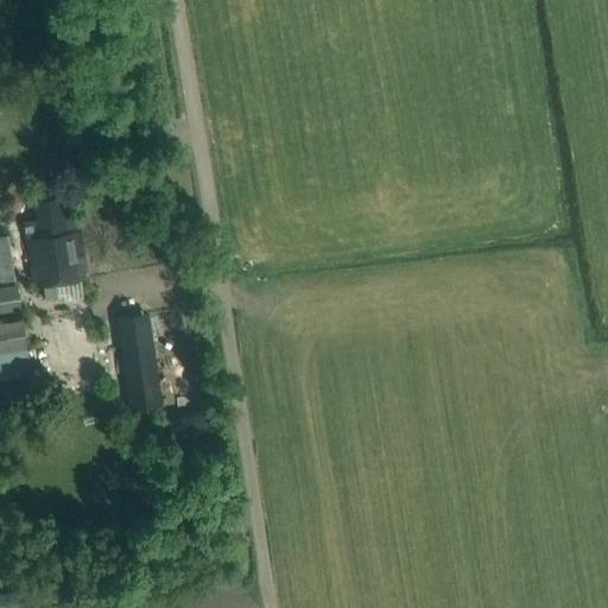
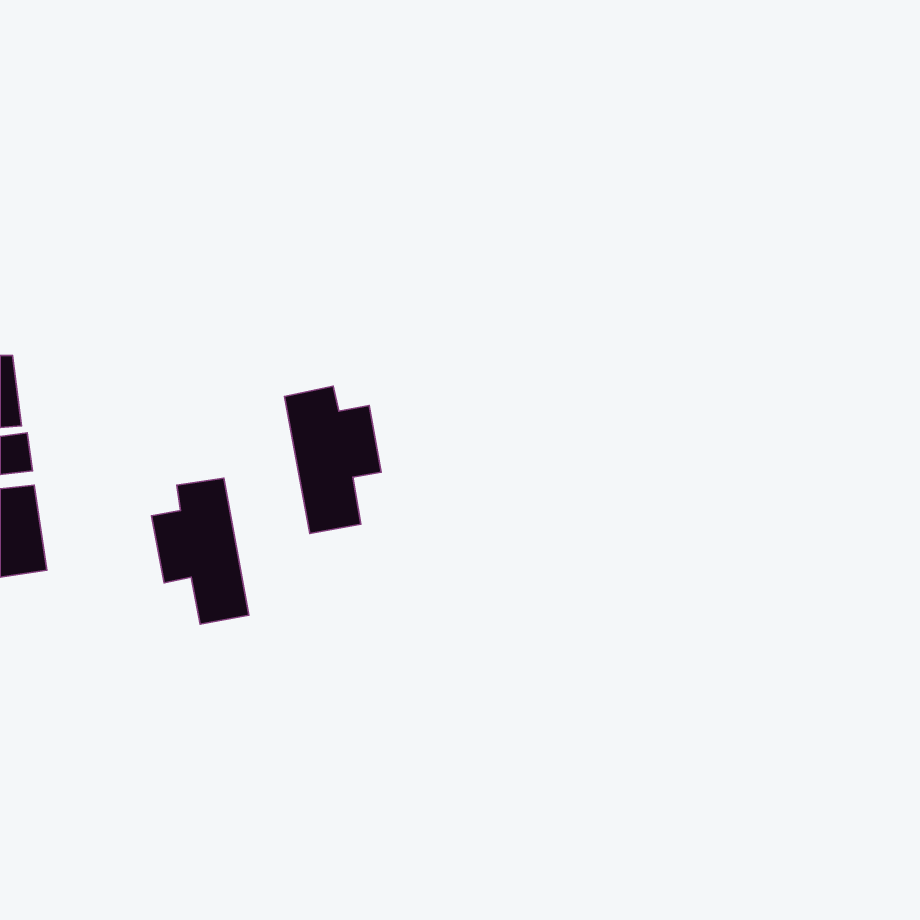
building: [24,198,88,287] -> none
building: none -> [285,386,381,534]

